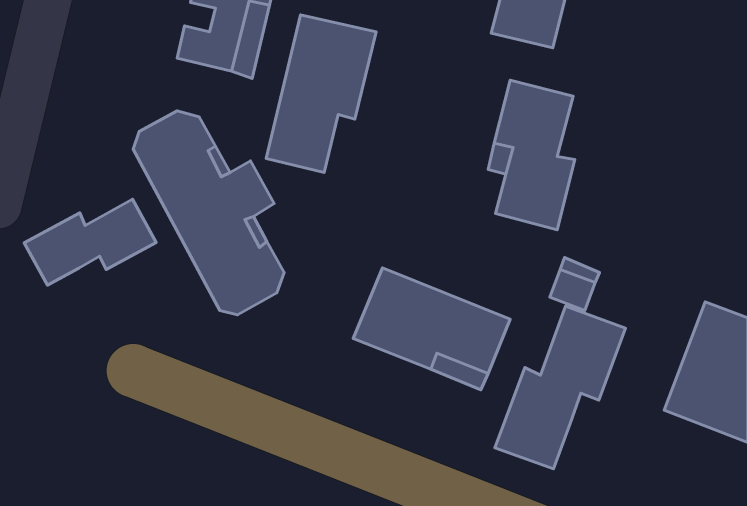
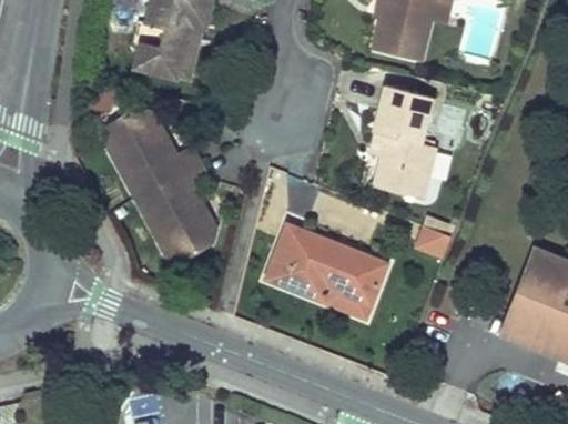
building: [266,15,376,172] -> none
building: [24,199,156,285] -> none
building: [495,306,625,469] -> none

